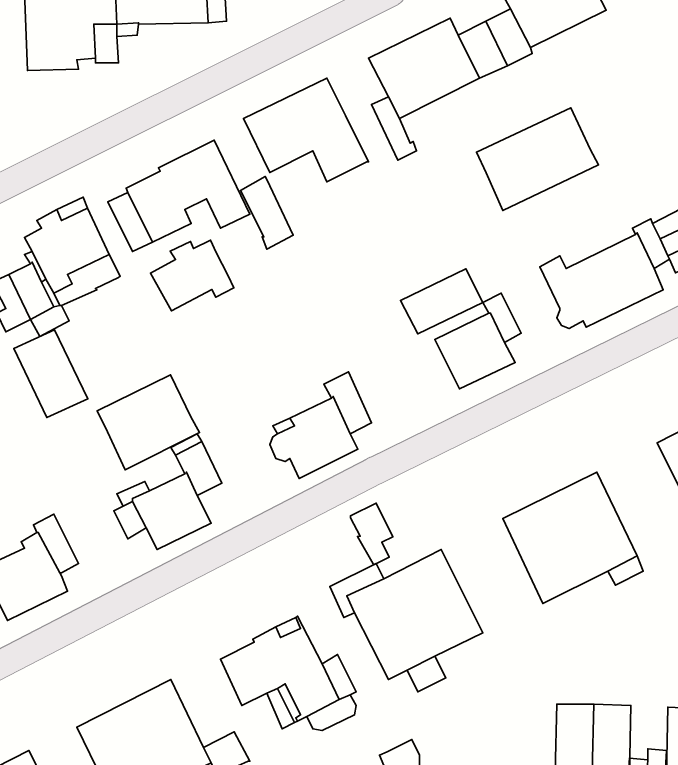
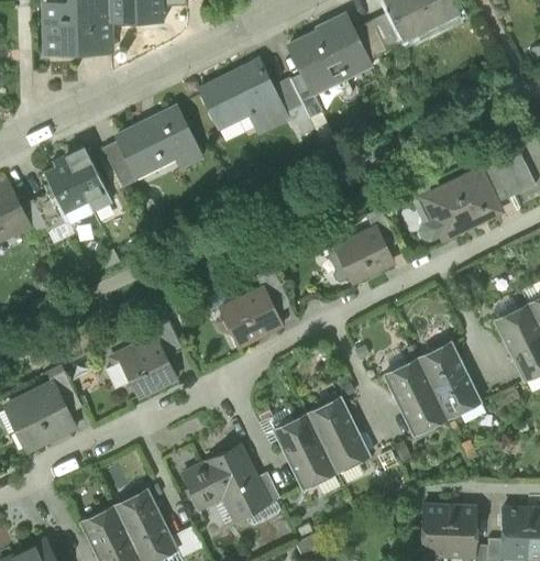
building: [477,108,598,211] -> none
building: [241,177,293,249] -> [272,77,309,129]
building: [150,240,234,311] -> none
building: [401,269,483,334] -> none
building: [14,330,88,417] -> none
building: [97,375,199,470] -> none
building: [351,503,393,564] -> none

